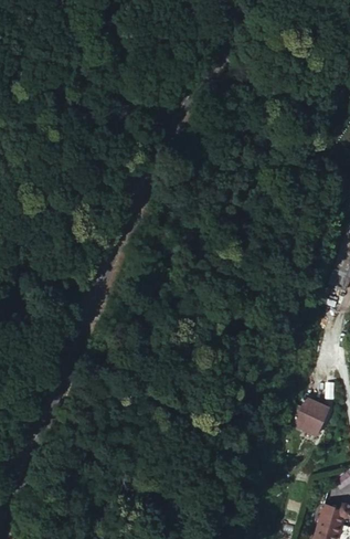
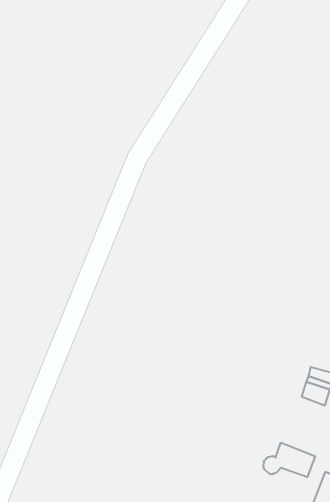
building: none -> [263,443,315,477]

